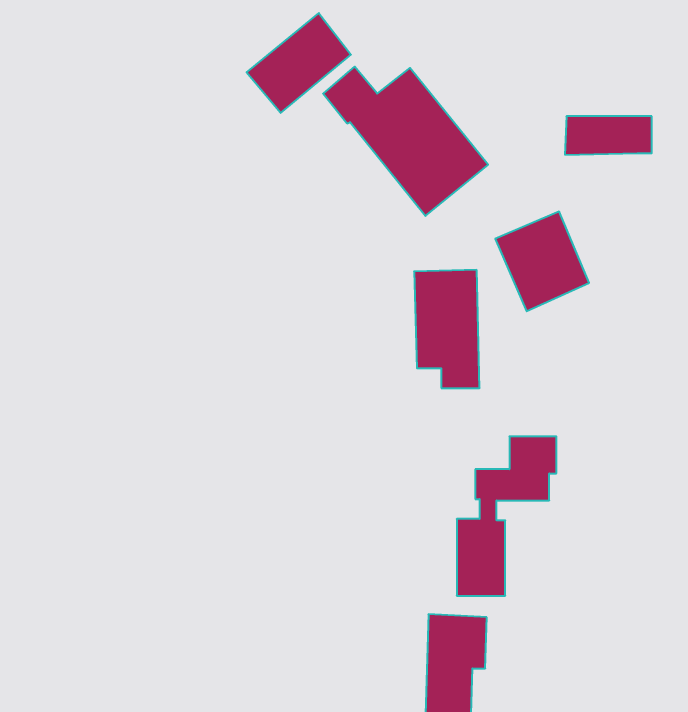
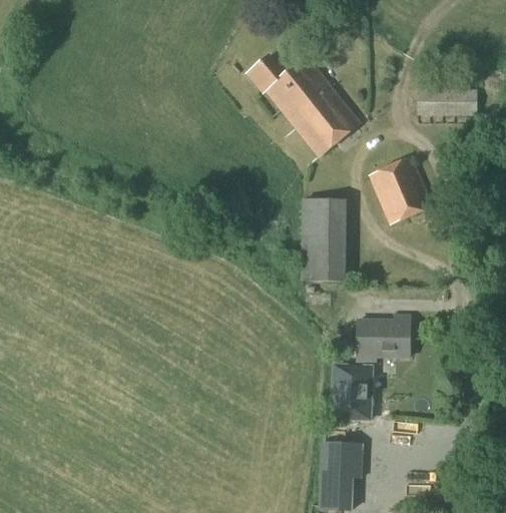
building: [247,13,351,113] -> none

